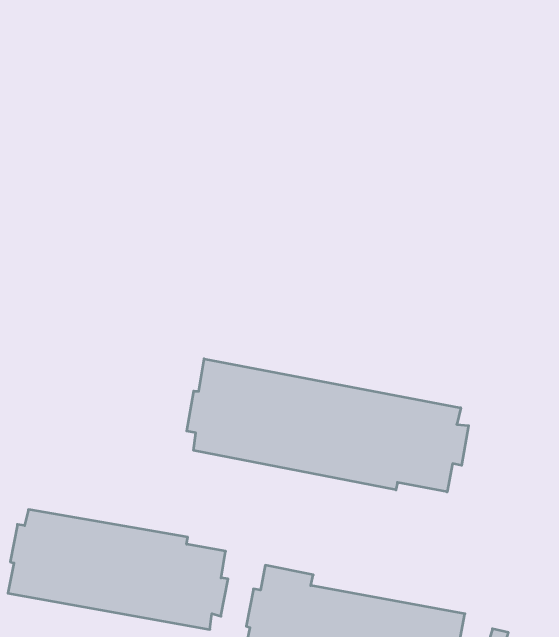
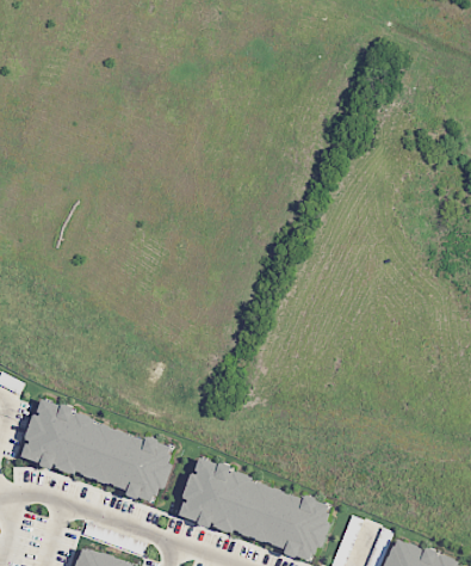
building: [187,359,469,492] -> none

